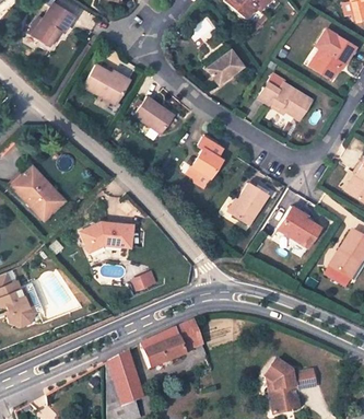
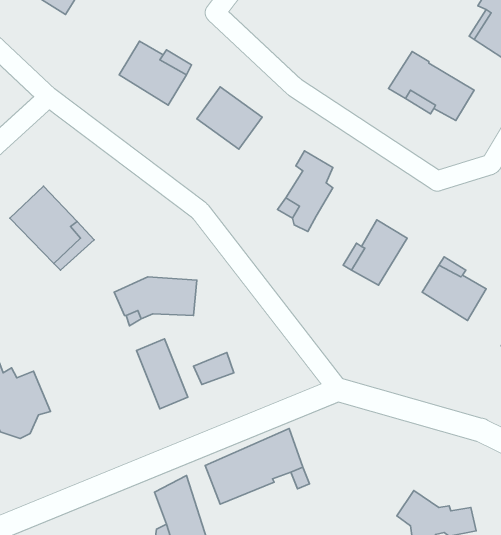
building: [207,49,244,85] -> none
building: none -> [137,339,188,409]

